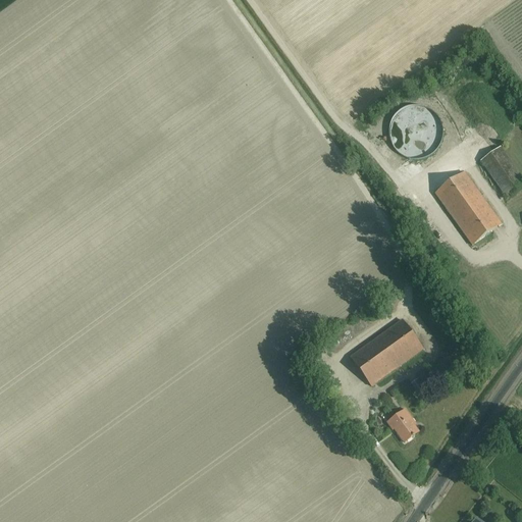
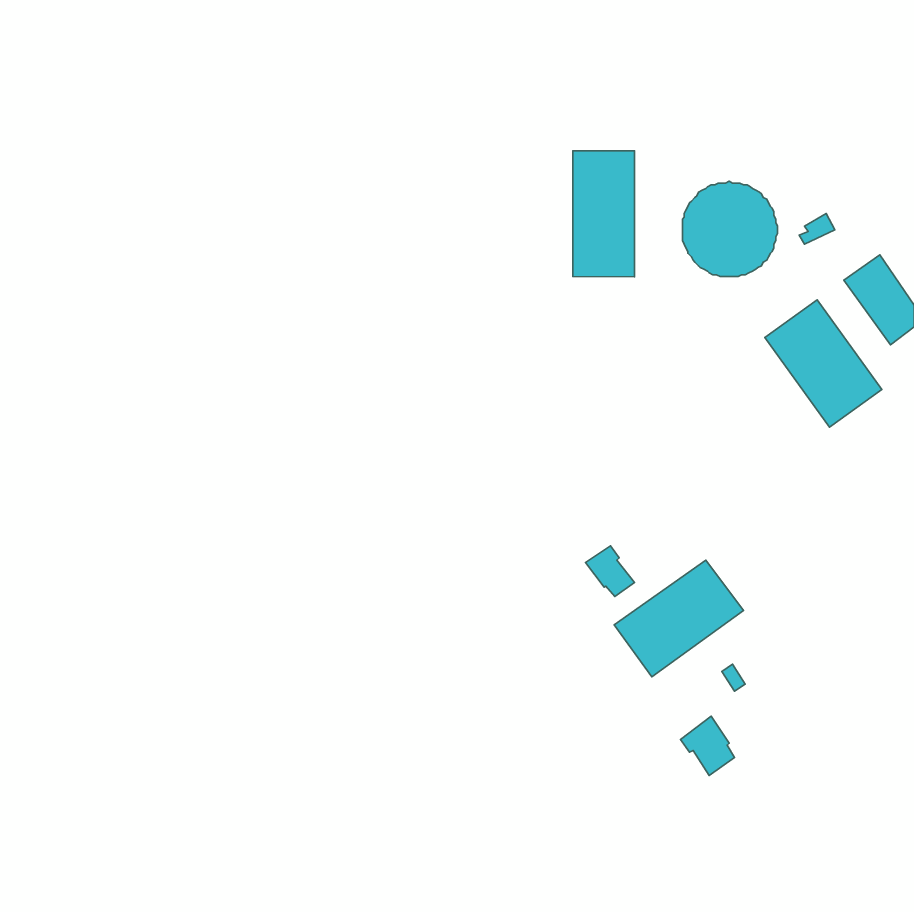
building: none -> [573,151,635,277]
building: none -> [585,546,635,597]

